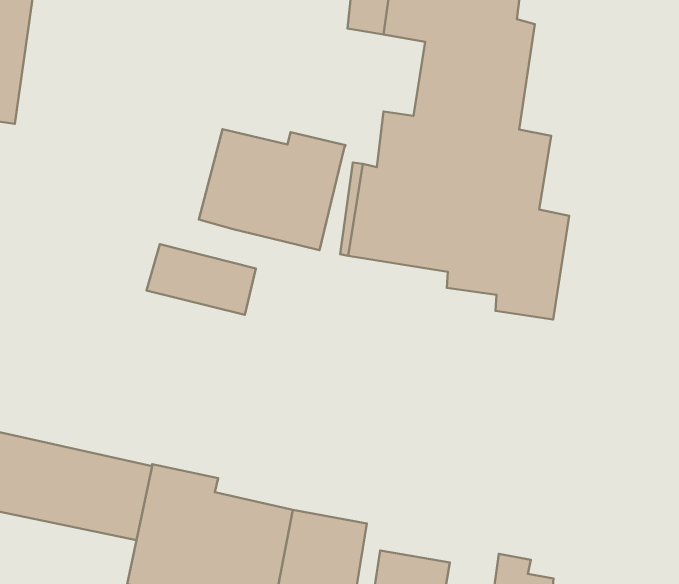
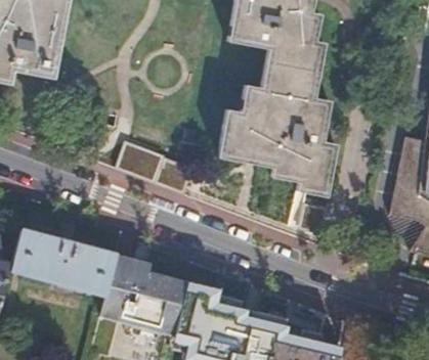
building: [199,129,345,250] -> none

